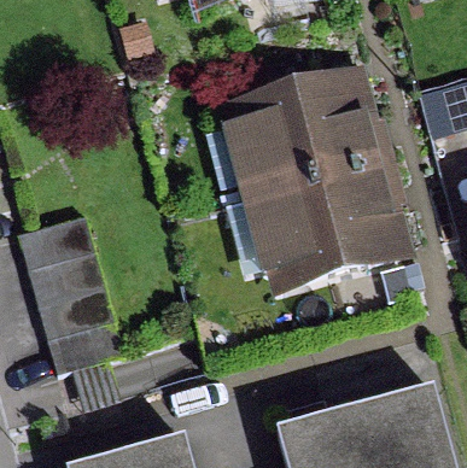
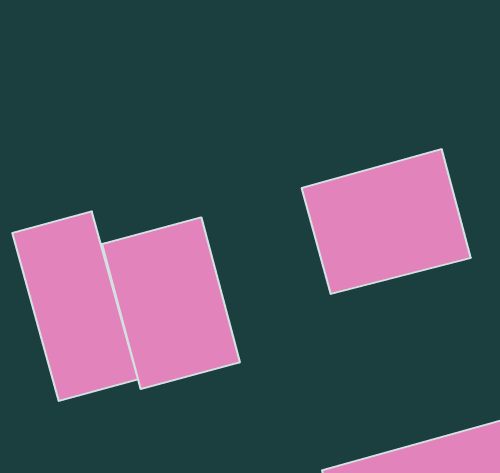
building: [234,75,375,197] -> none
building: none -> [102,217,240,389]

